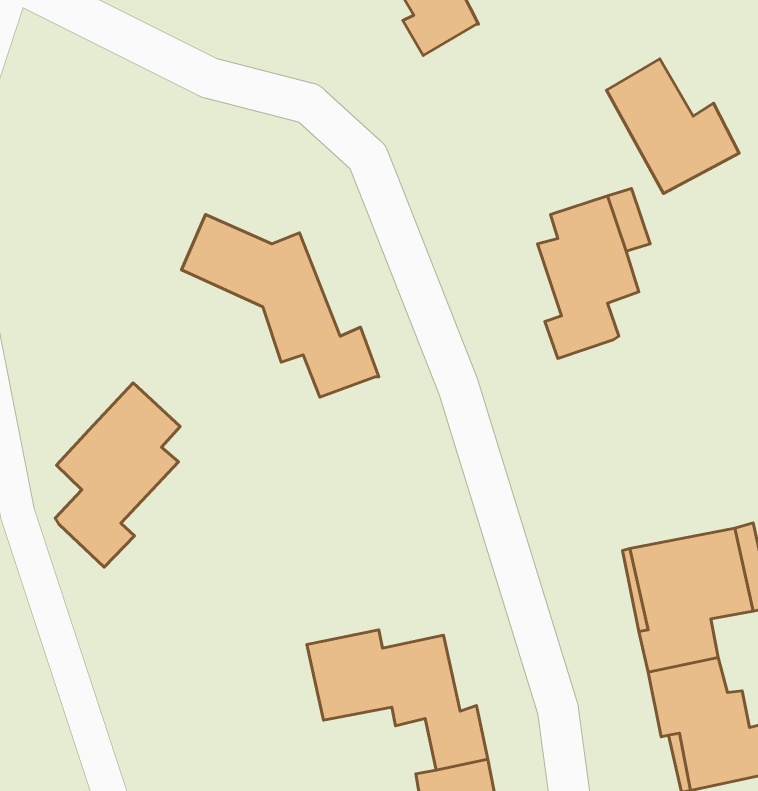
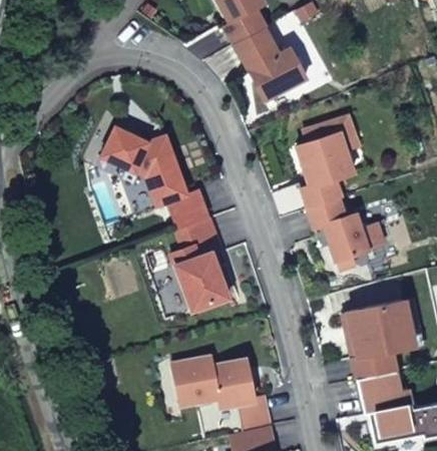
building: [606,59,739,194] -> [235,26,307,99]
building: none -> [308,197,384,270]
building: none -> [171,217,228,310]
building: [55,383,180,567] -> none

